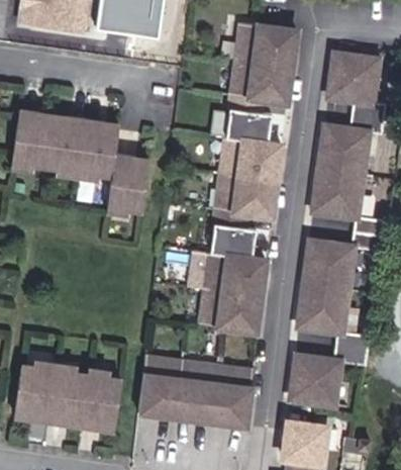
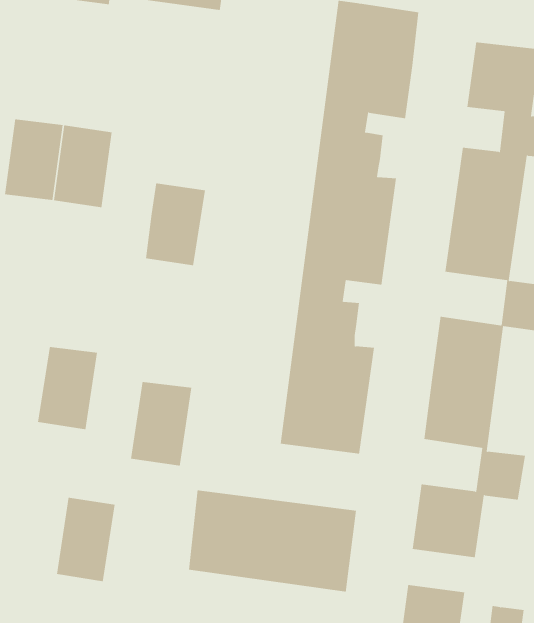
building: [79,118,119,174] -> none
building: [14,363,56,419] -> [37,347,98,430]
building: [80,372,122,430] -> [130,382,192,466]

